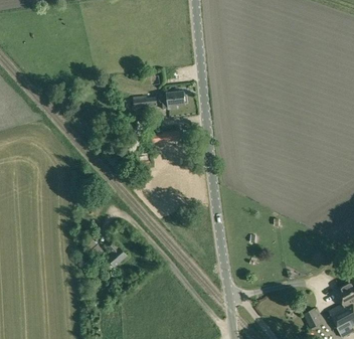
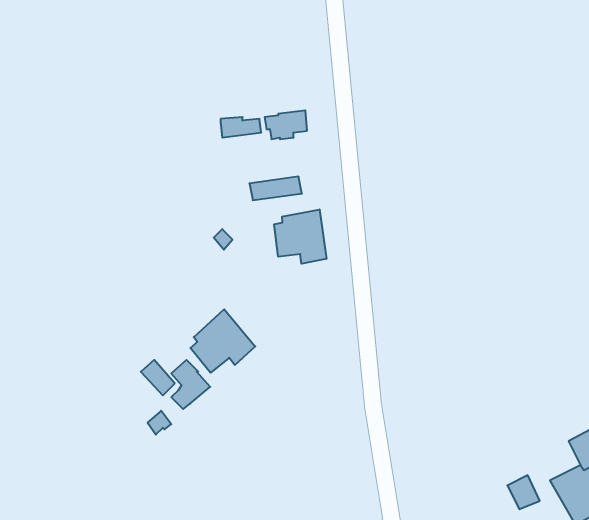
building: none -> [274,209,326,264]
building: none -> [190,309,255,373]

